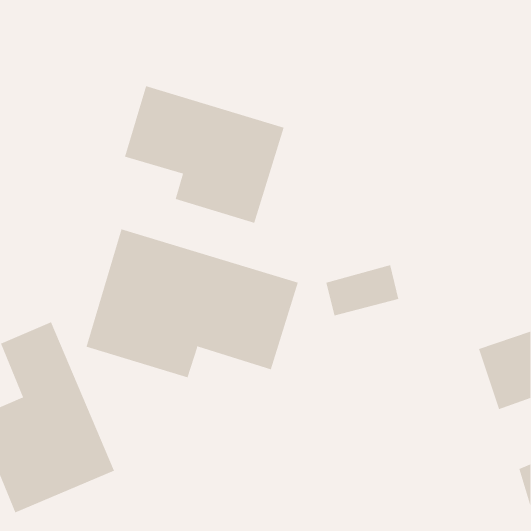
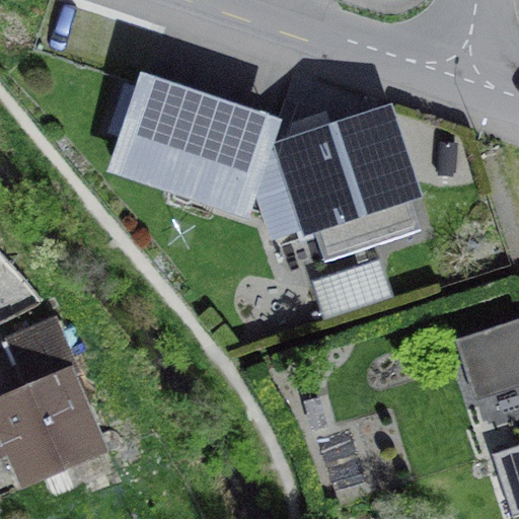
building: none -> [270,119,416,247]
building: [86,228,299,378] -> none

